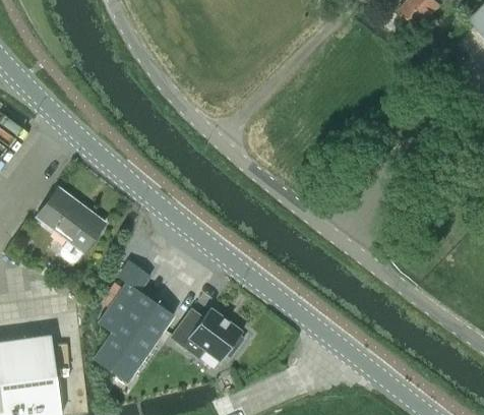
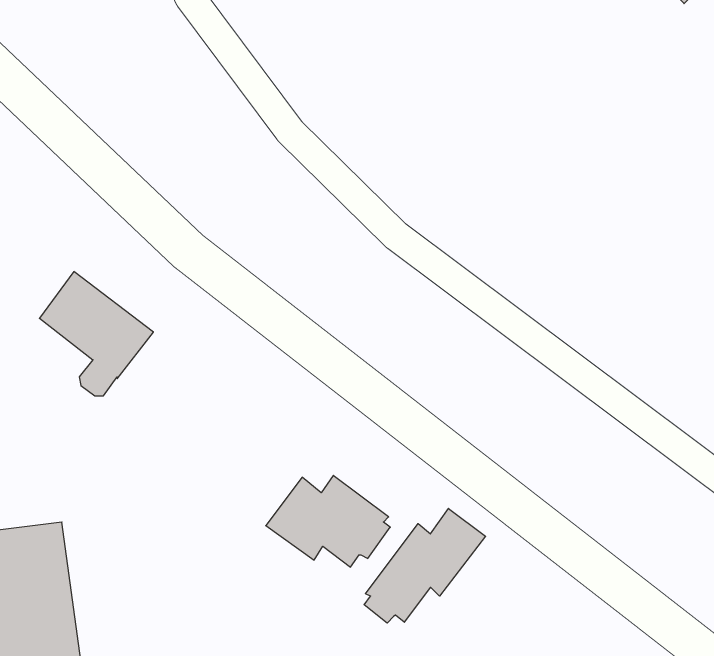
building: [93,260,173,382] -> none
building: none -> [364,508,486,623]

